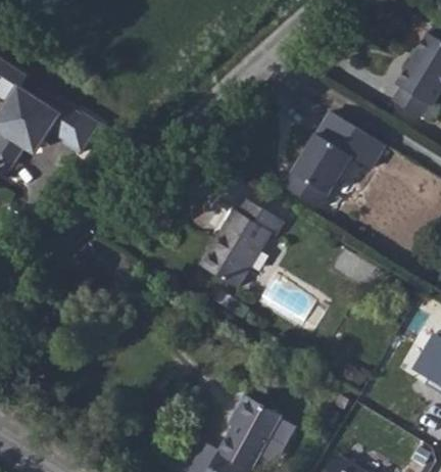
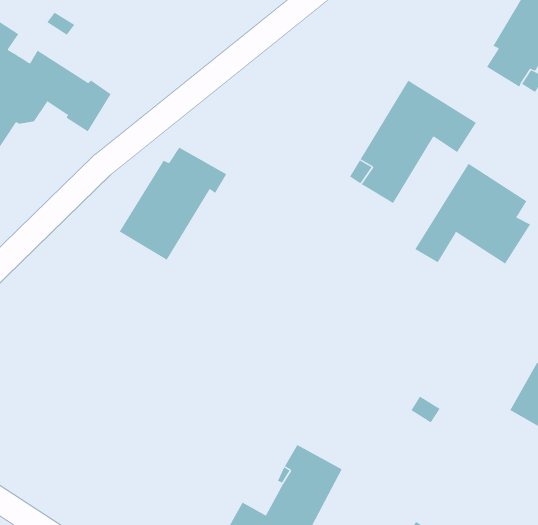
building: none -> [415,163,531,265]
building: [199,199,284,288] -> [119,147,227,260]

